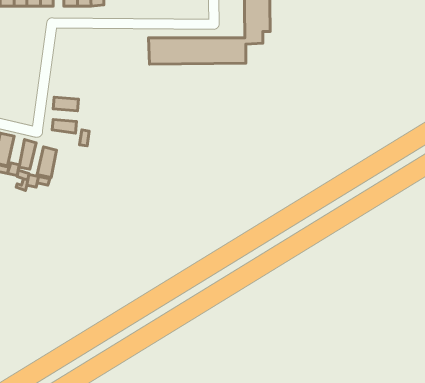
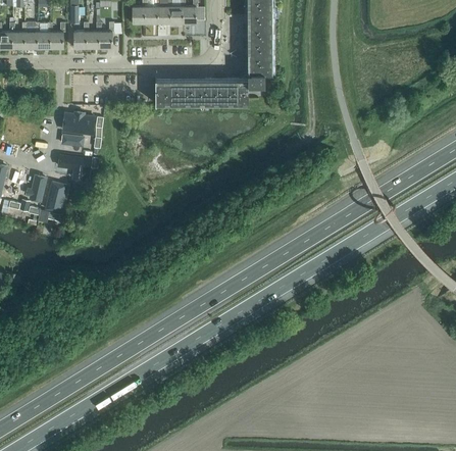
building: none -> [63,115,95,133]

